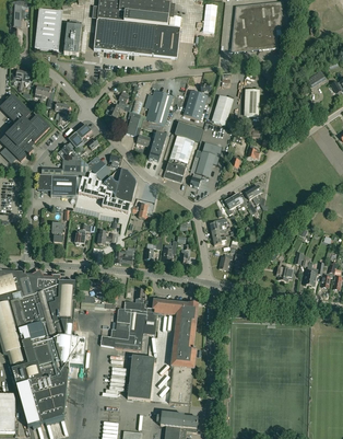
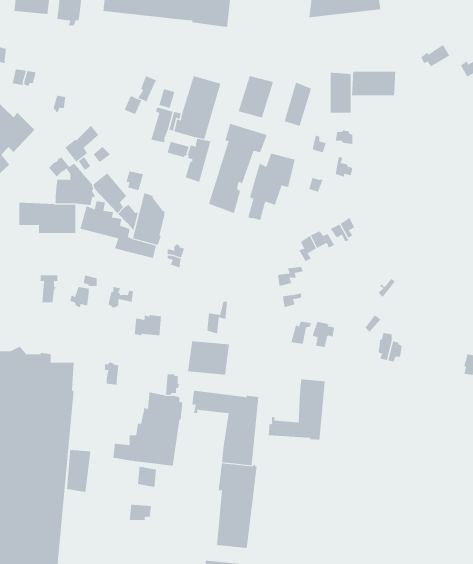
building: none -> [351,71,396,96]
building: none -> [188,340,230,376]
building: none -> [268,379,326,441]
building: [128,356,157,401] -> none

